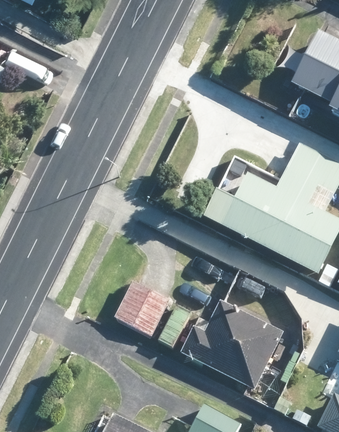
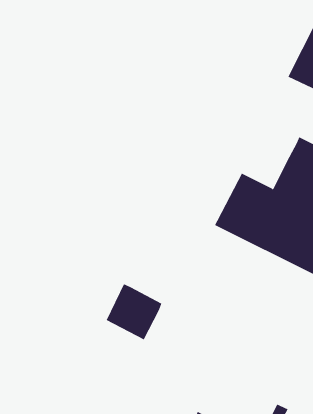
building: [179,302,282,390] -> none

